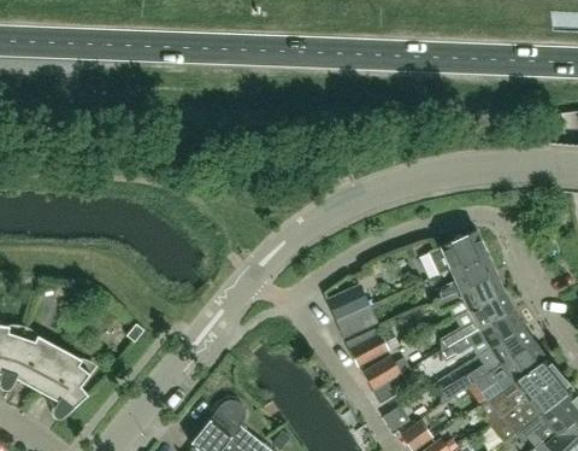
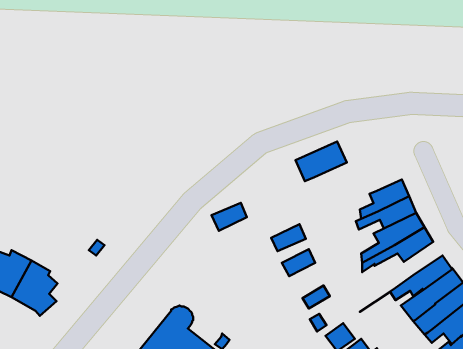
building: [429,229,488,275] -> [296,142,347,181]
building: [329,288,370,321] -> [212,203,247,231]
building: [440,326,535,406] -> none
building: [362,355,411,391] -> none

